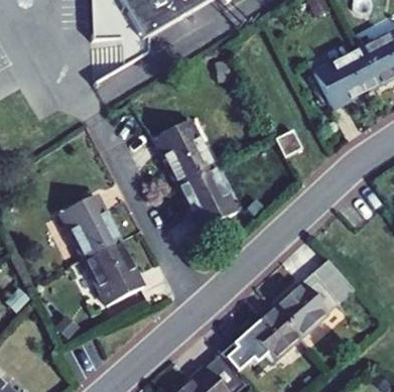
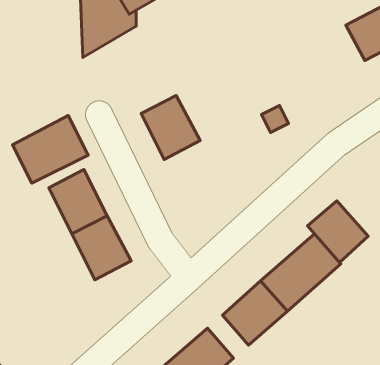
building: [313,49,378,108] -> none
building: none -> [12,116,88,183]
building: [176,165,236,230] -> none
building: none -> [308,201,368,263]

